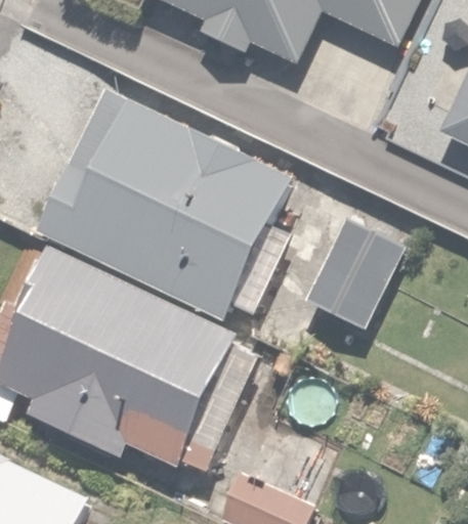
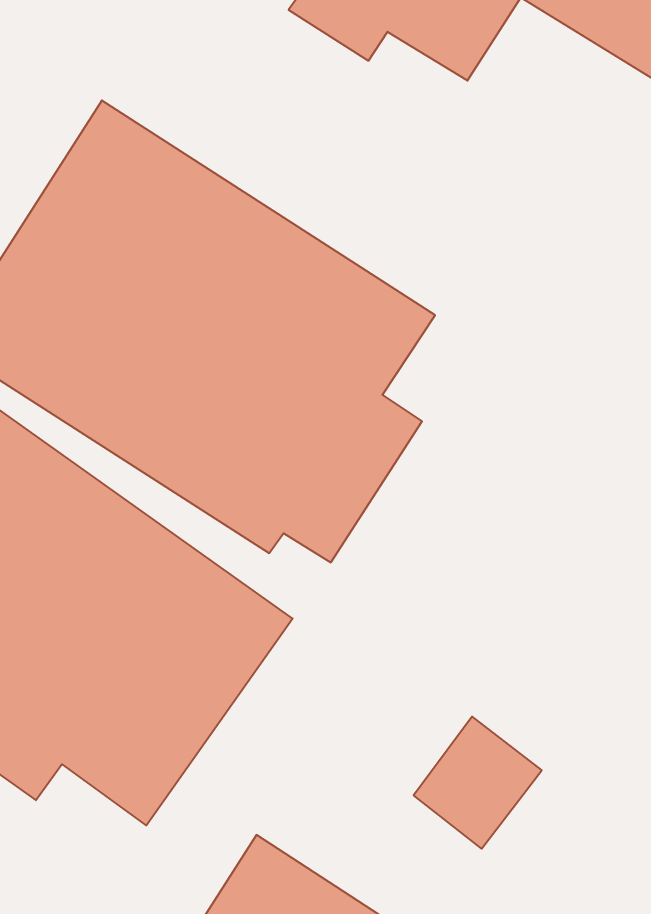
building: [306,218,414,344] -> none

